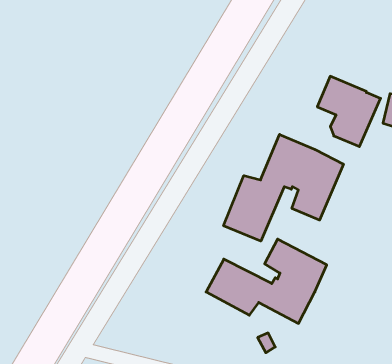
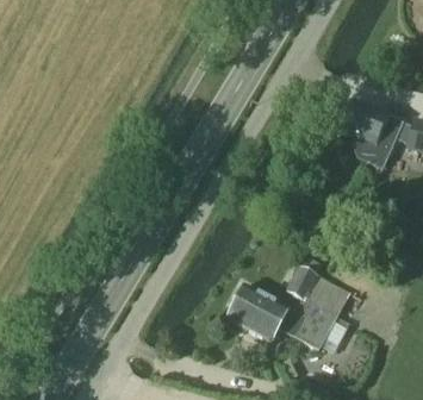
building: [224,134,343,241] -> none

